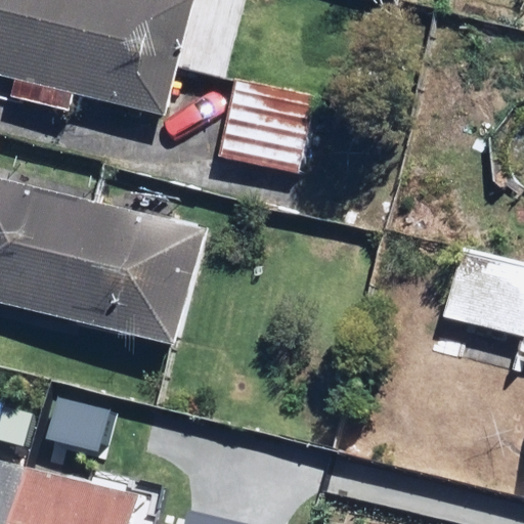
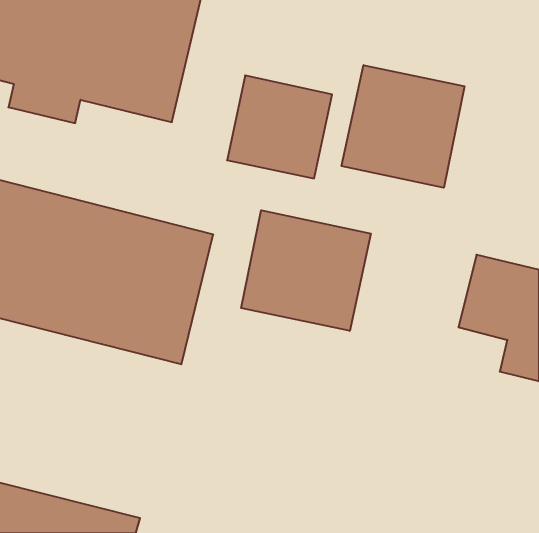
building: none -> [342,65,464,188]
building: none -> [241,210,371,331]

